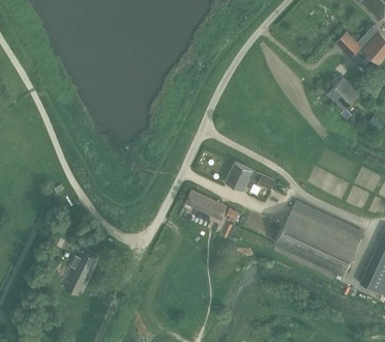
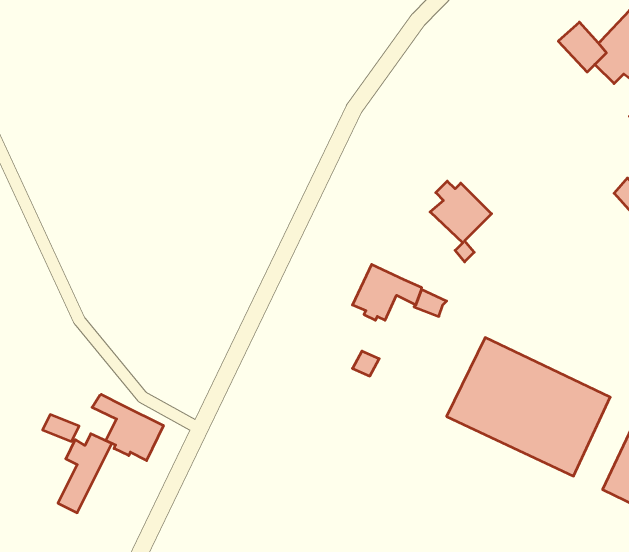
building: [327,77,360,120] -> [430,181,492,262]
building: [184,190,228,221] -> none
building: none -> [92,394,163,461]

